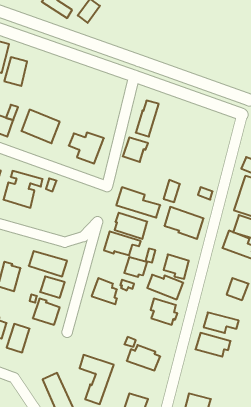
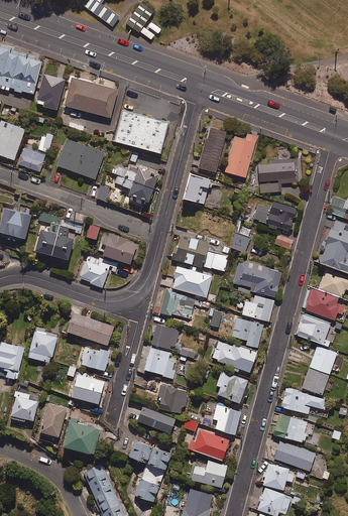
building: none -> [64,78,117,119]
building: none -> [113,110,168,154]
building: none -> [225,134,257,178]
building: none -> [258,159,299,194]
building: none -> [254,203,295,231]
building: none -> [100,233,137,265]
building: none -> [80,257,110,288]
building: none -> [242,295,274,322]
building: none -> [296,313,330,346]
building: [124,257,147,277] -> [151,325,180,349]
building: none -> [302,367,329,395]
building: none -> [155,385,189,413]
building: none -> [213,404,241,435]
building: none -> [137,408,175,433]
building: none -> [63,417,100,455]
building: none -> [274,441,315,471]
building: none -> [190,461,227,488]
building: none -> [262,464,294,490]

